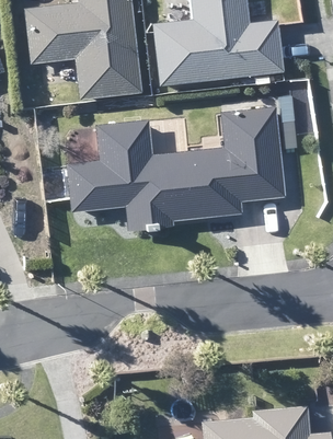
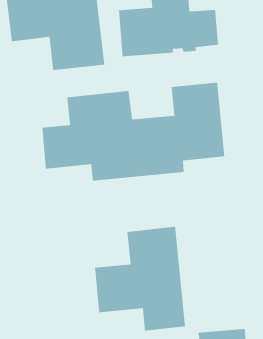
building: none -> [94,226,186,331]

